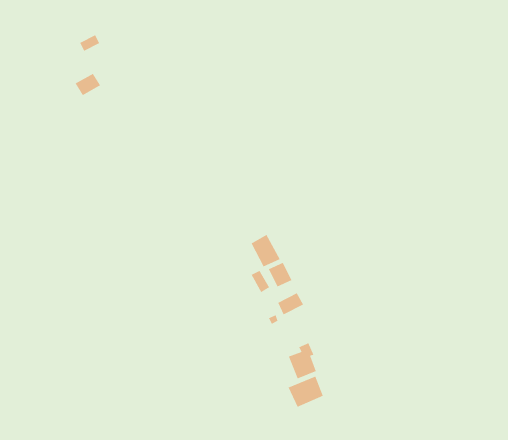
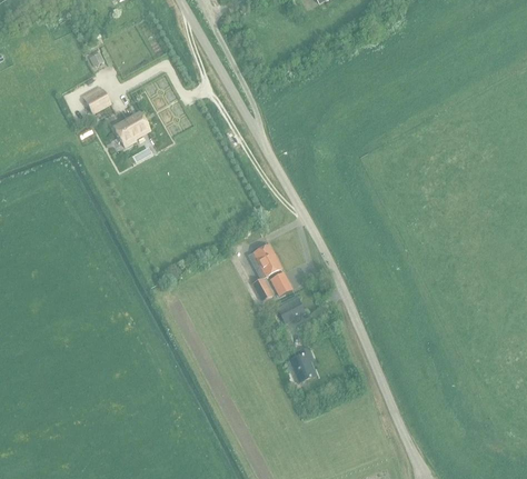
building: none -> [113,112,149,147]
building: [287,376,324,408] -> none

